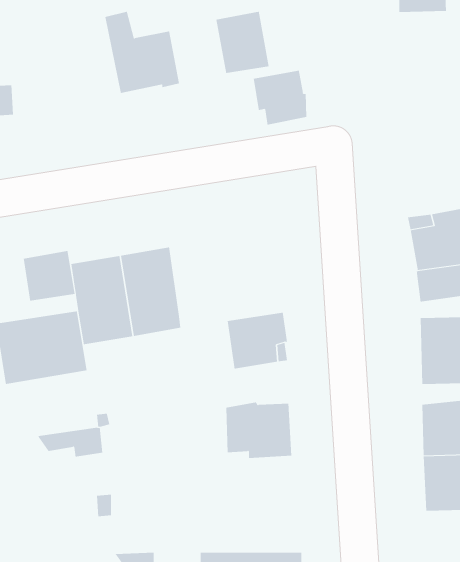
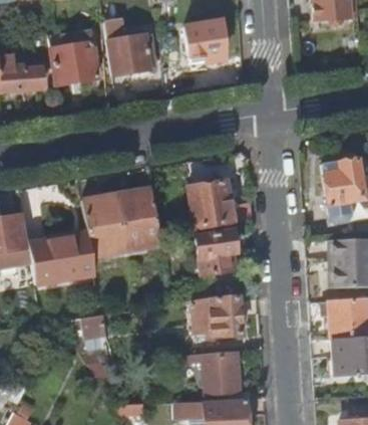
building: none -> [52,36,99,87]
building: [253,70,307,125] -> none
building: none -> [190,183,234,228]
building: [23,250,75,301] -> none
building: none -> [185,355,242,395]

